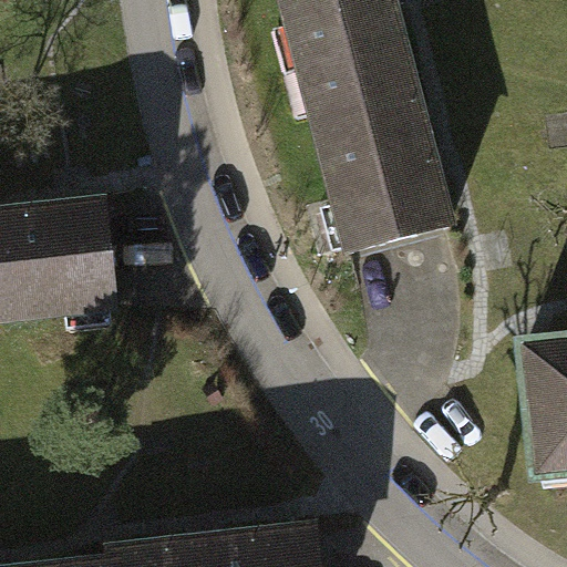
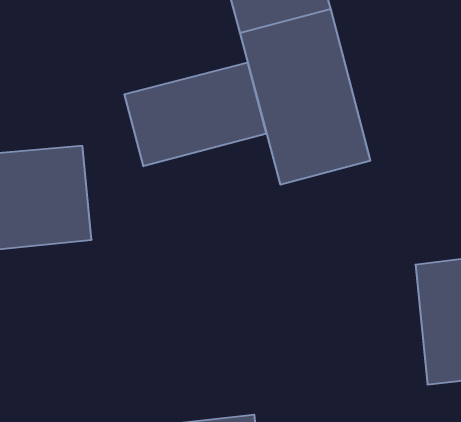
building: none -> [124,62,266,166]

